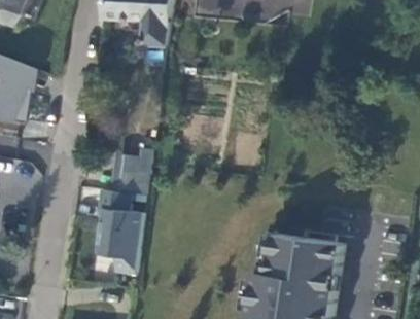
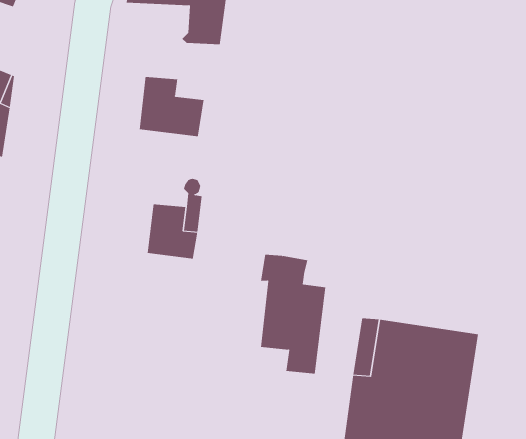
building: none -> [139,76,204,137]
building: [102,190,147,273] -> [260,254,326,374]

